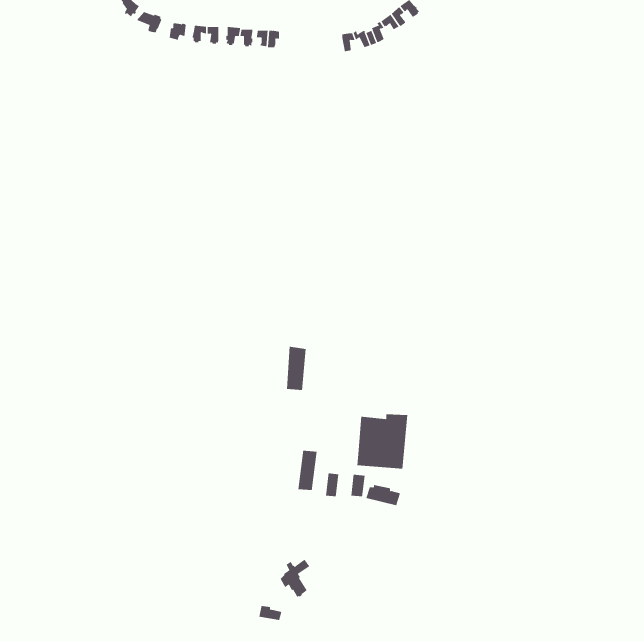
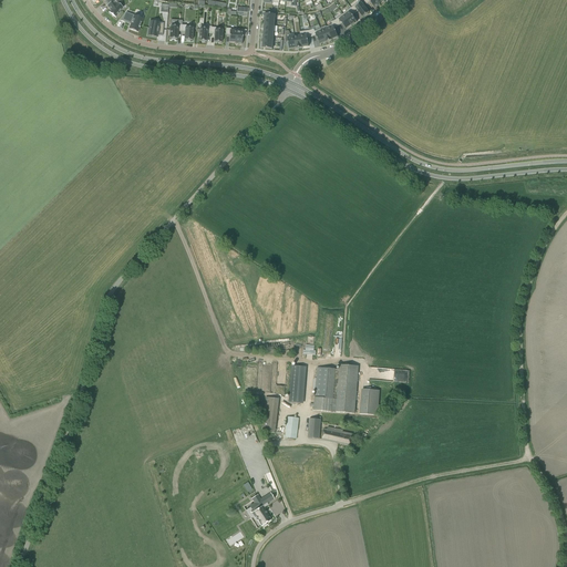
building: [286,346,306,390] -> [289,363,307,402]
building: none -> [360,388,380,414]

